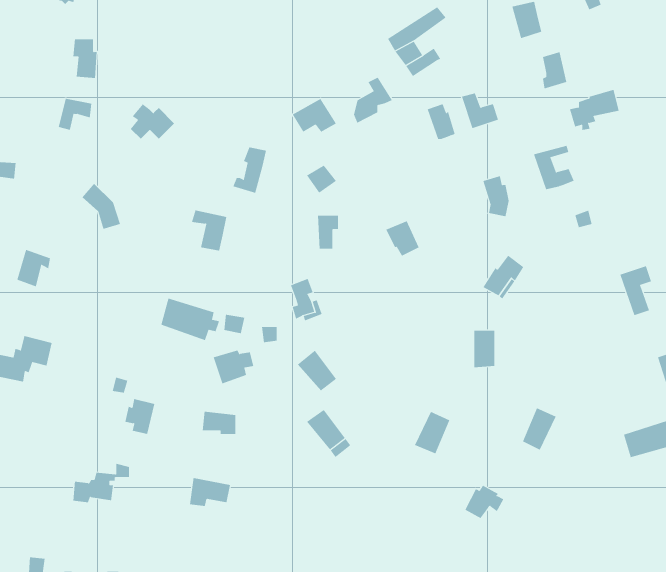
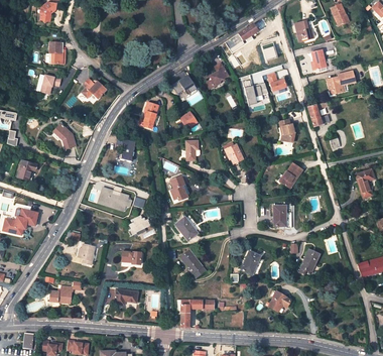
building: none -> [176,300,214,328]

